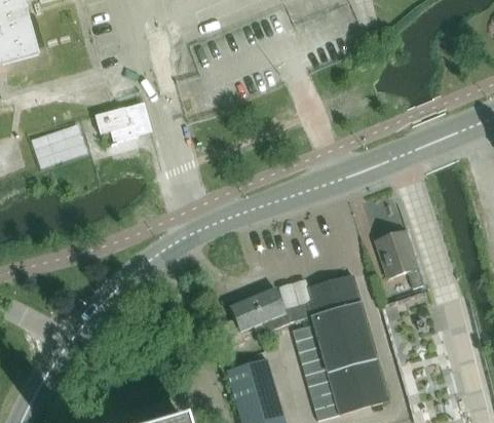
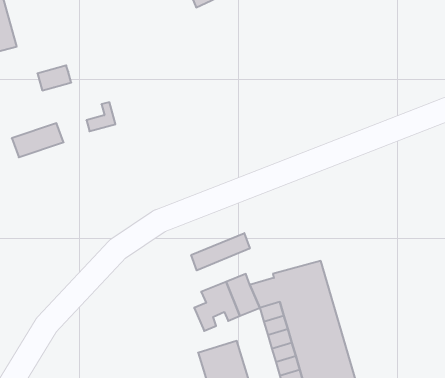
building: [94,106,129,131] -> [37,65,71,90]
building: [375,229,424,286] -> none
building: none -> [191,233,250,270]

